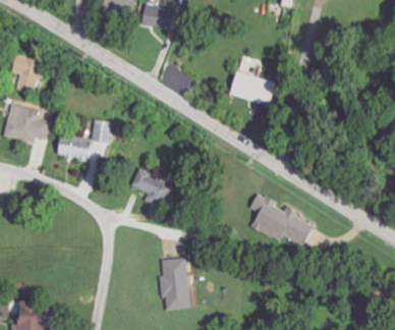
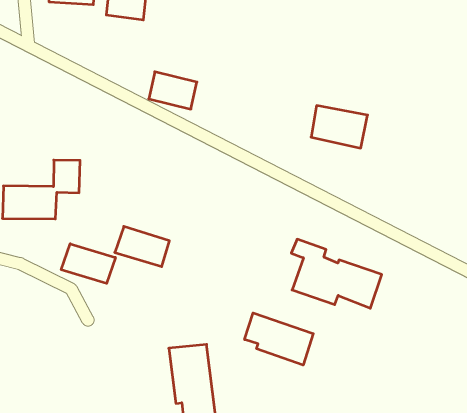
building: [228,71,269,104] -> [311,106,368,148]
building: none -> [61,244,115,283]
building: none -> [245,313,313,365]

